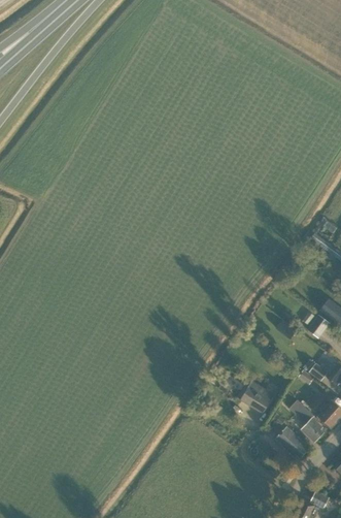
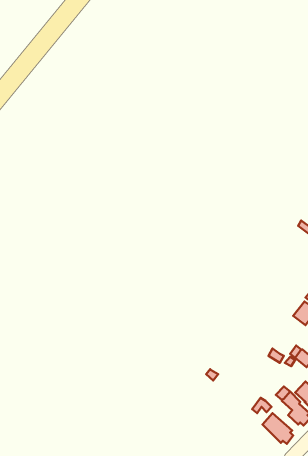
building: [241,382,274,414] -> none

